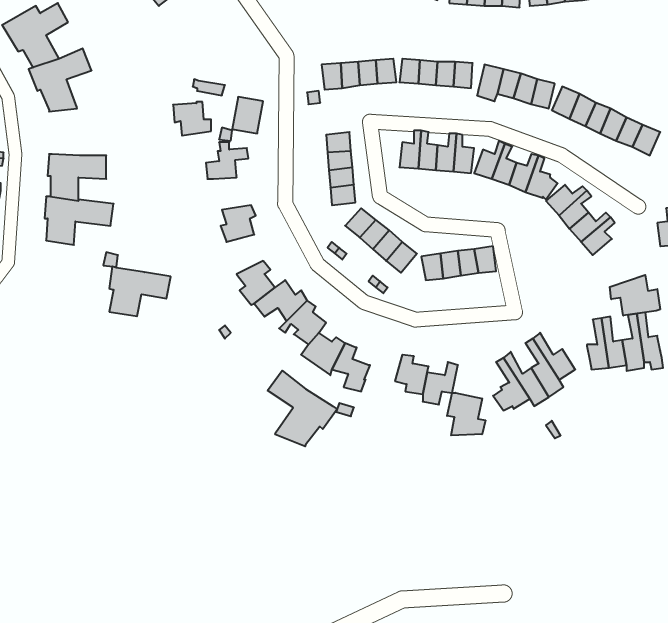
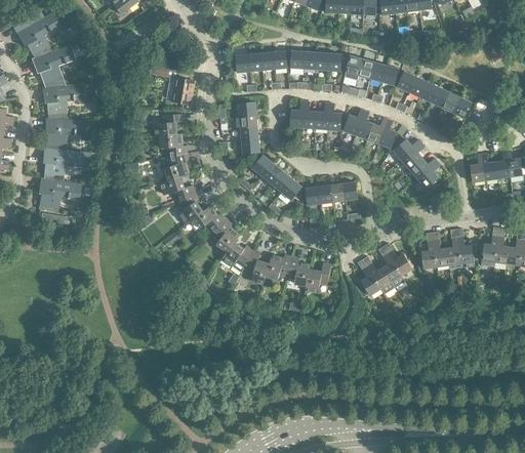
building: [173,102,211,136] -> [160,132,187,156]
building: none -> [42,82,84,118]
building: none -> [161,175,195,201]
building: [109,266,171,316] -> [38,176,81,211]
building: [610,275,660,316] -> none
building: none -> [266,254,292,278]
building: [268,371,337,446] -> none
building: [447,393,485,435] -> none

